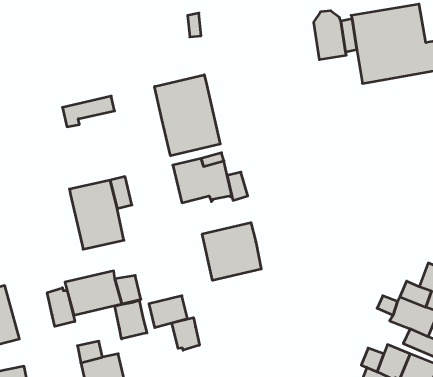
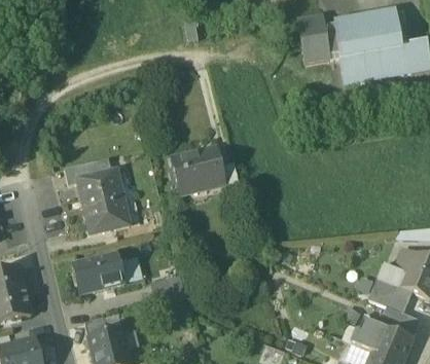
building: [155,75,220,156] -> none
building: [62,96,115,127] -> [64,158,111,186]
building: [202,223,261,280] -> none
building: [47,288,75,326] -> none
building: [115,300,147,339] -> none
building: [172,318,199,350] -> none

